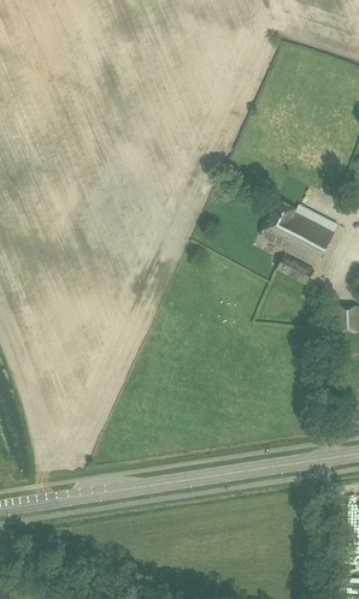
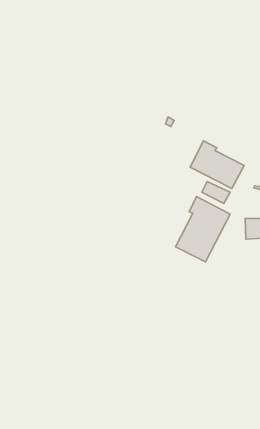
building: none -> [176,196,230,262]

